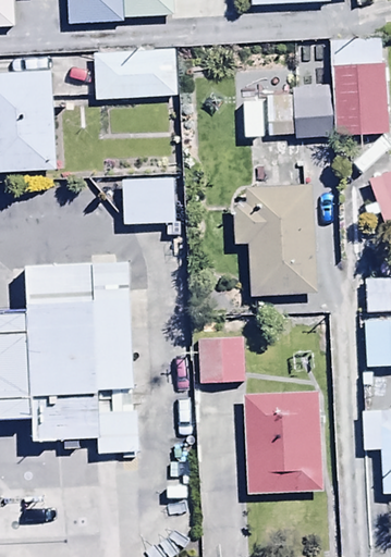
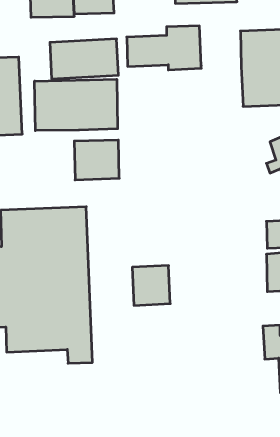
building: [242,84,335,139] -> [127,26,201,70]
building: none -> [35,79,118,131]
building: [235,184,319,295] -> none
building: [242,389,322,493] -> none

